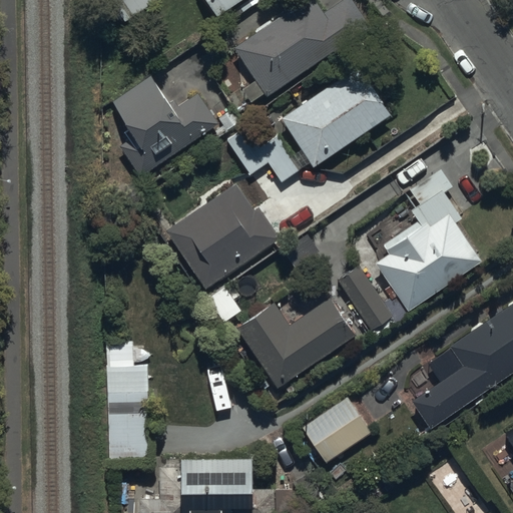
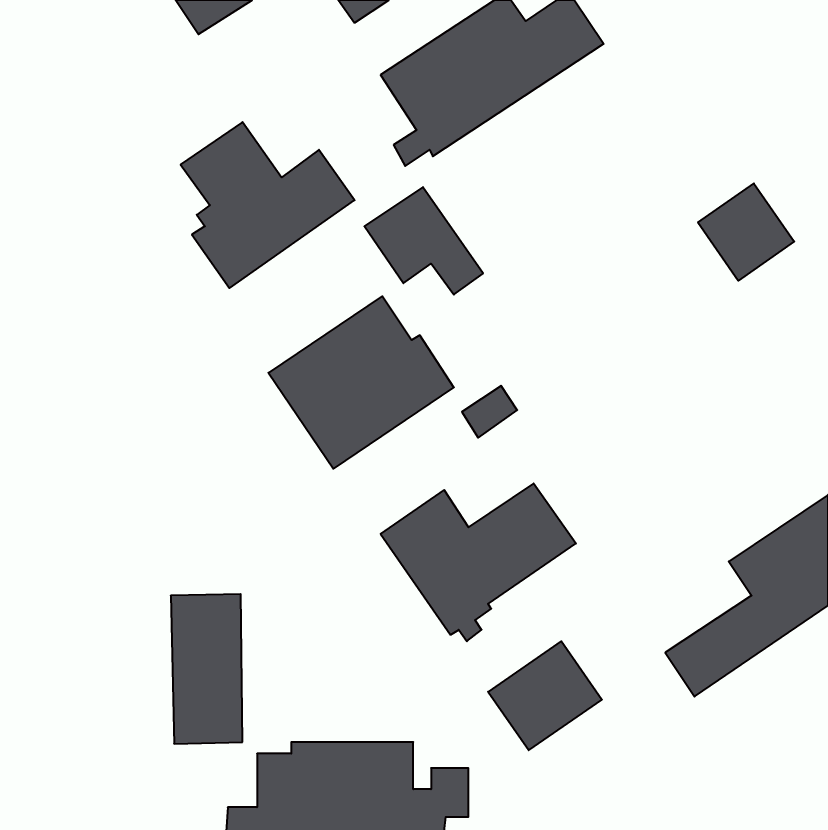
building: [281,67,391,167] -> none
building: none -> [698,183,794,281]
building: [338,169,482,330] -> none

